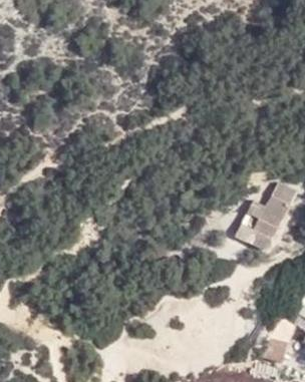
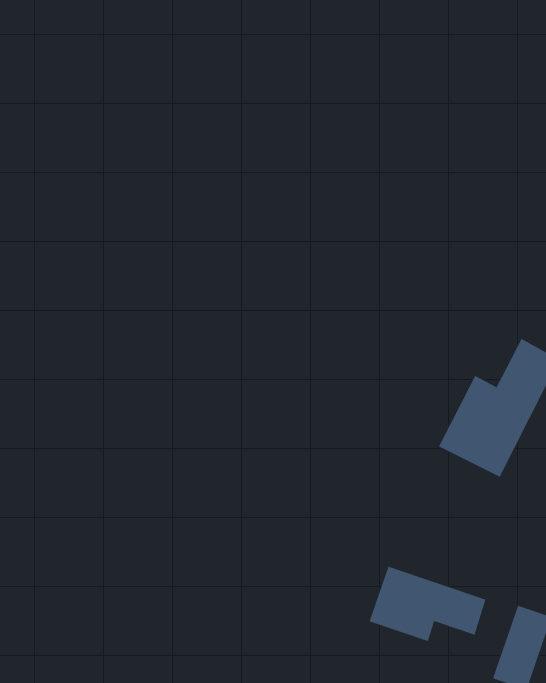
building: none -> [369,566,486,642]

